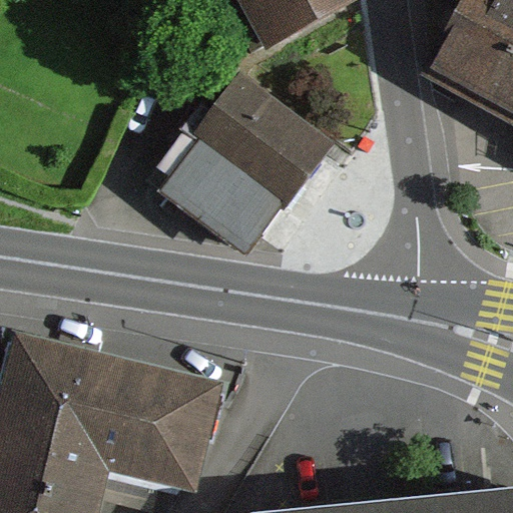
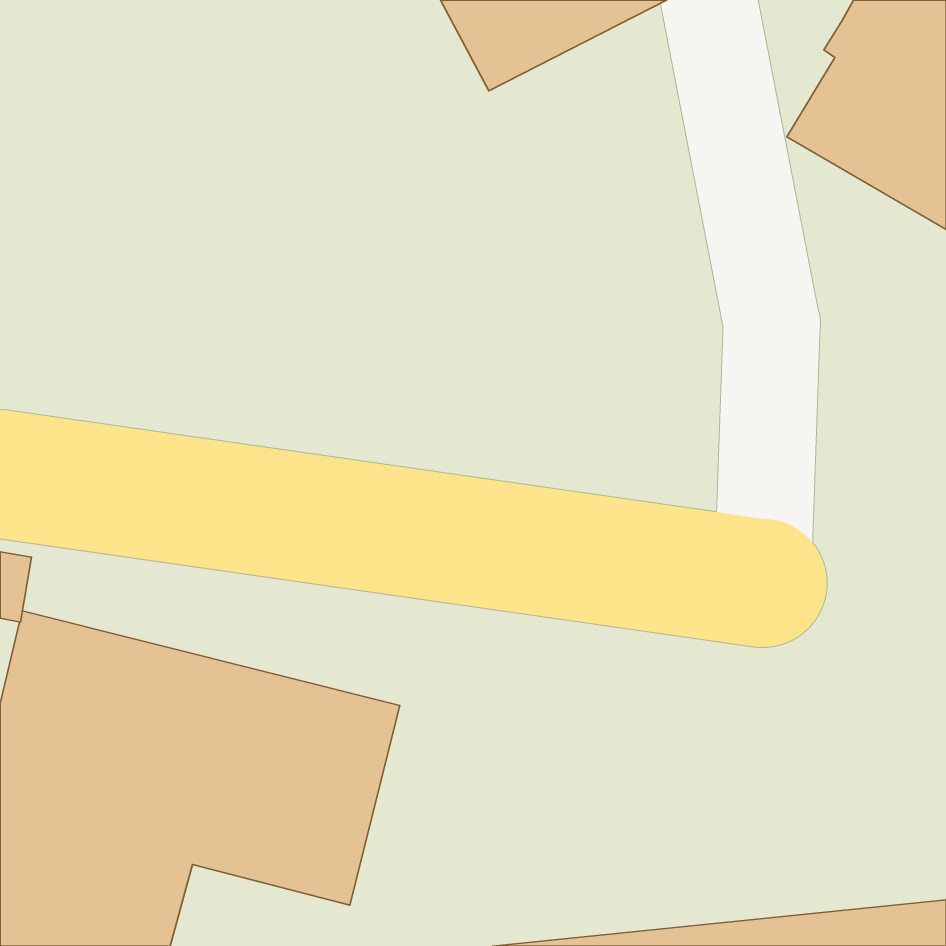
building: [165,75,333,249] -> none

